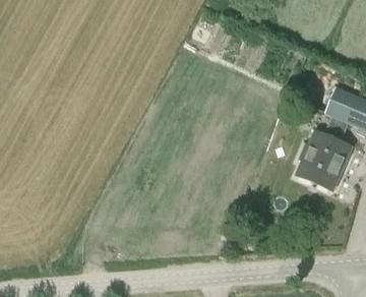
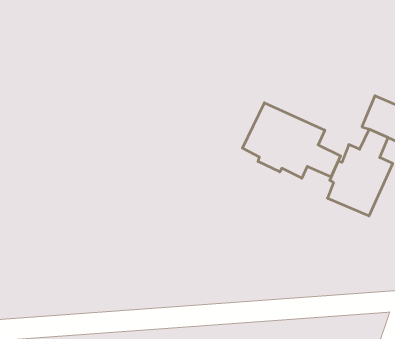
building: none -> [242,103,341,178]

